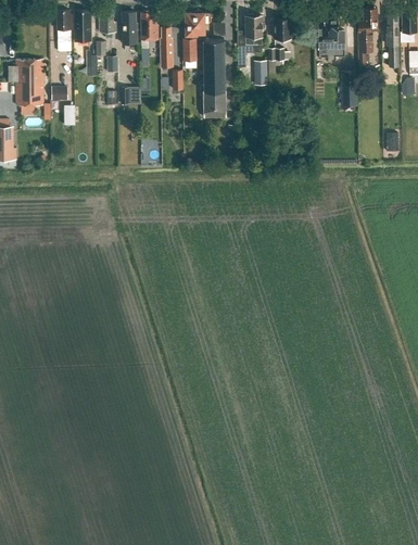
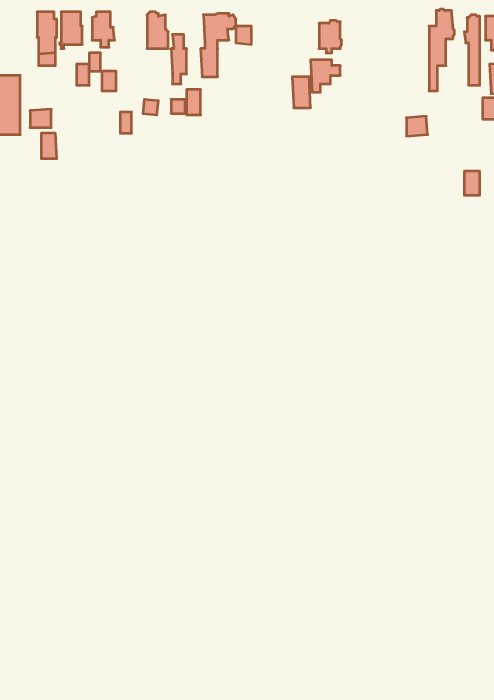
building: [123,12,138,43] -> none
building: [245,15,263,45] -> none
building: [319,17,344,49] -> none
building: [204,40,226,118] -> none

